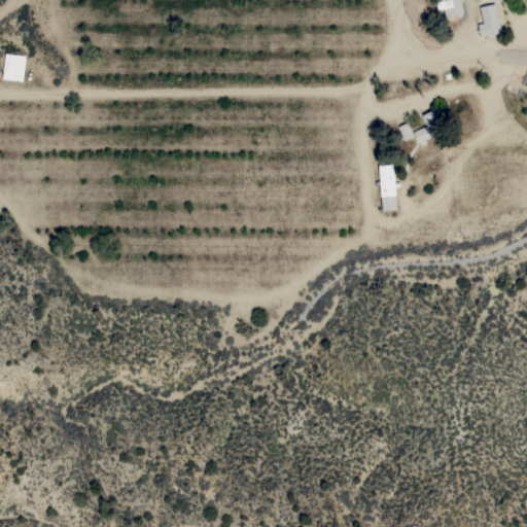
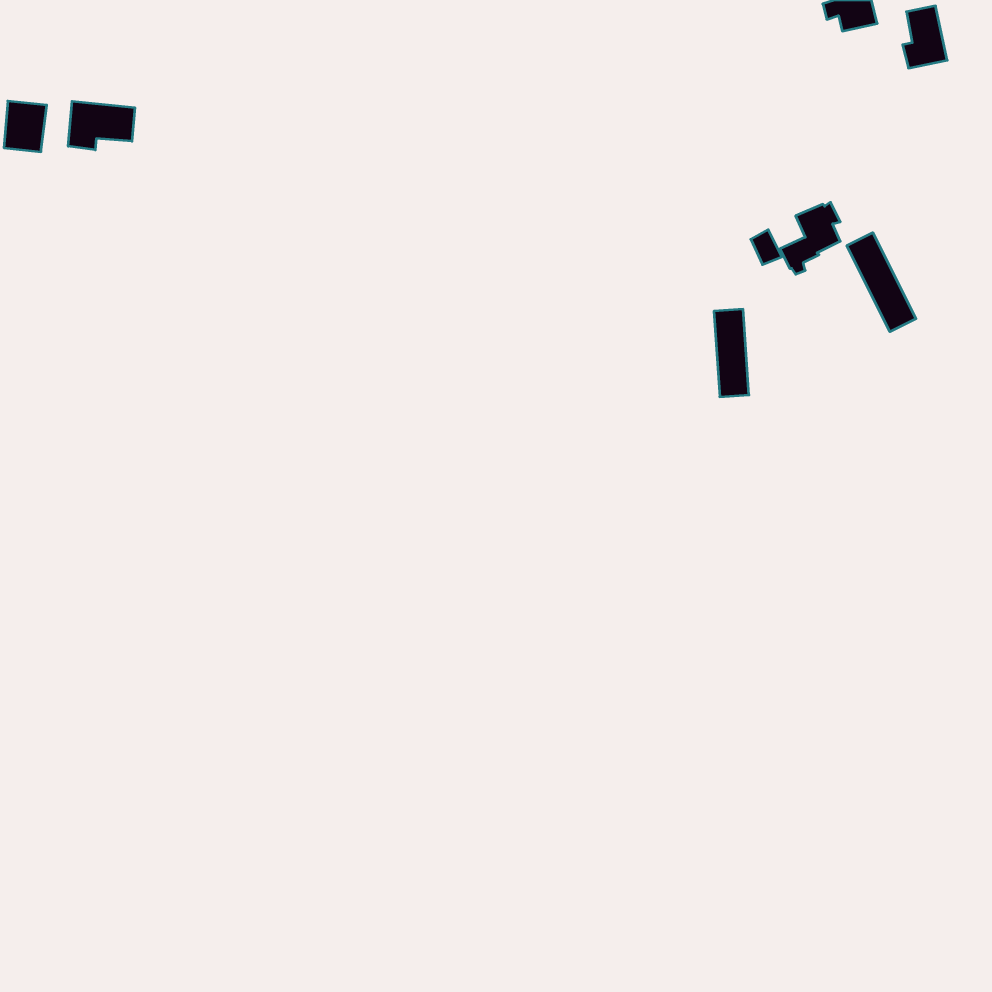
building: none -> [68,101,135,150]
building: none -> [847,233,916,332]

